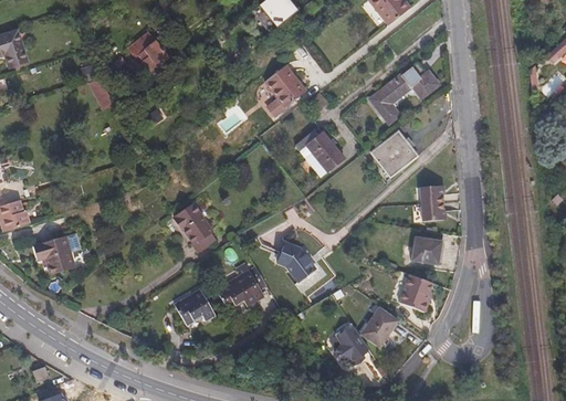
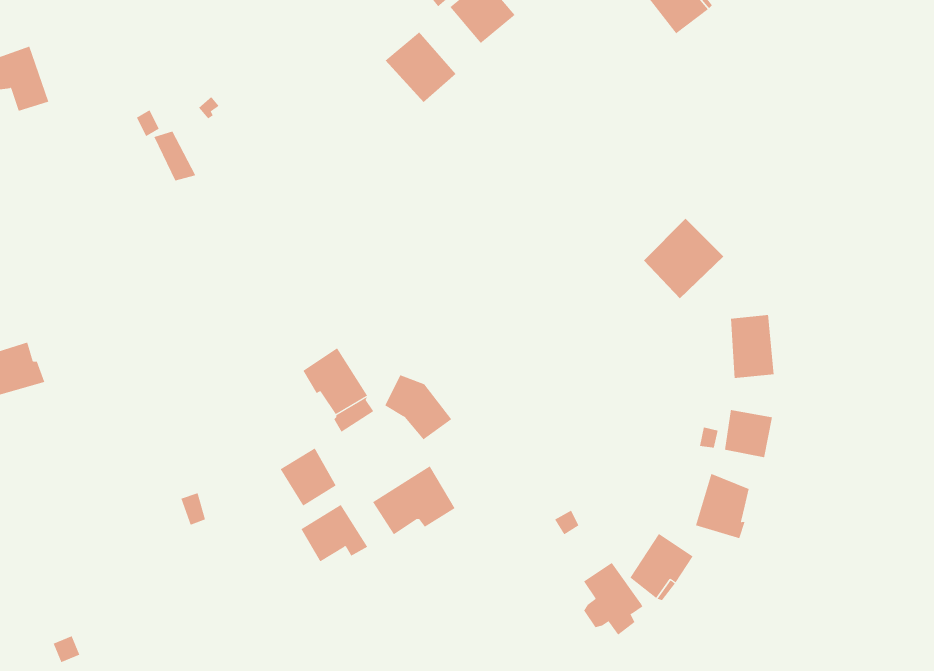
building: [127,35,167,77] -> none
building: [264,64,305,105] -> [385,31,456,103]
building: [374,64,441,124] -> none
building: [305,133,342,172] -> none
building: [35,238,74,275] -> none
building: [275,242,314,279] -> [384,375,452,440]
building: none -> [280,447,336,507]

